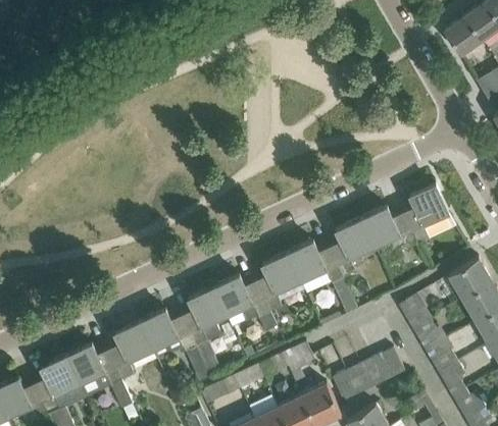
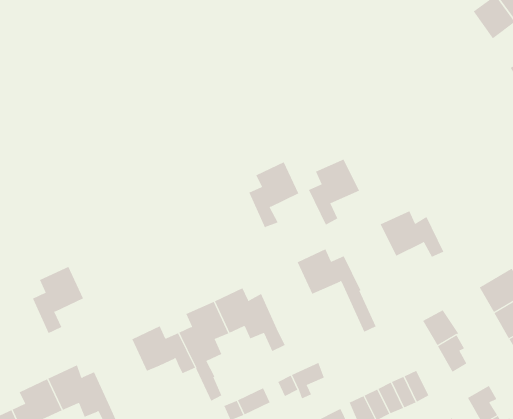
building: [402,184,454,244] -> none
building: [329,219,375,278] -> [308,159,360,225]
building: [255,253,300,312] -> [249,161,299,228]
building: [107,321,153,381] -> [32,266,84,334]
building: [425,342,457,373] -> none

